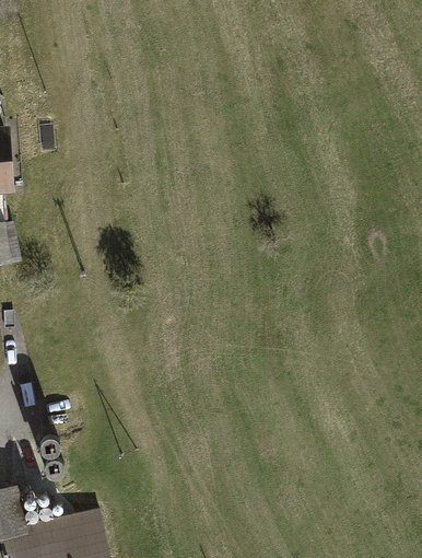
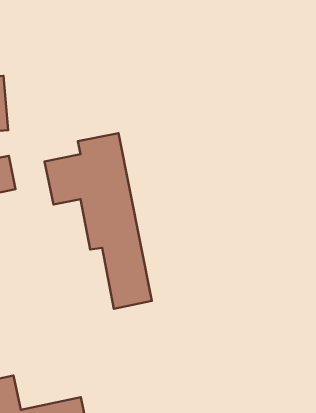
building: none -> [44,133,152,309]

